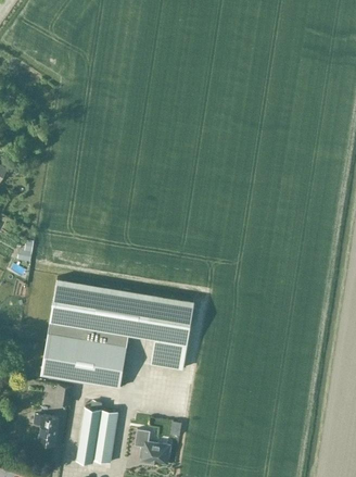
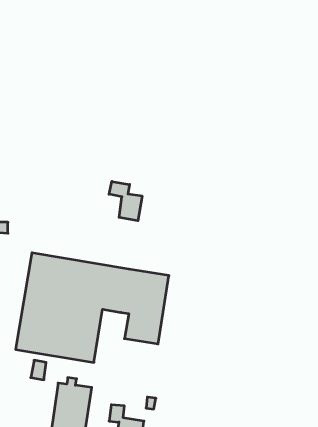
building: none -> [109,181,142,221]
building: [34,415,58,445] -> none

